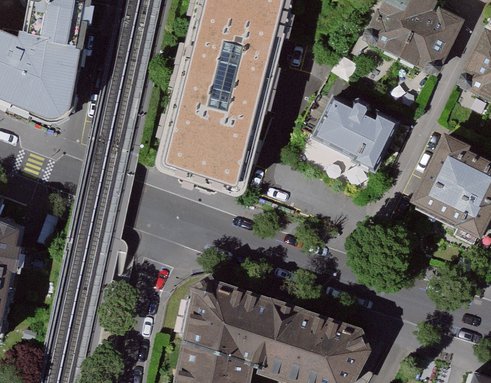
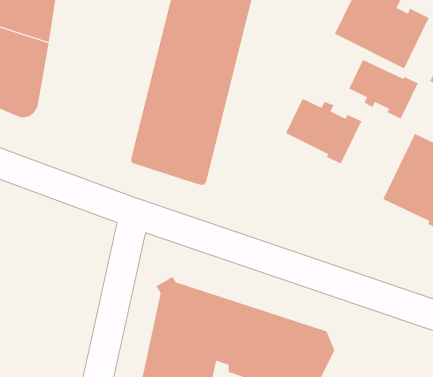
building: none -> [348,59,419,120]

